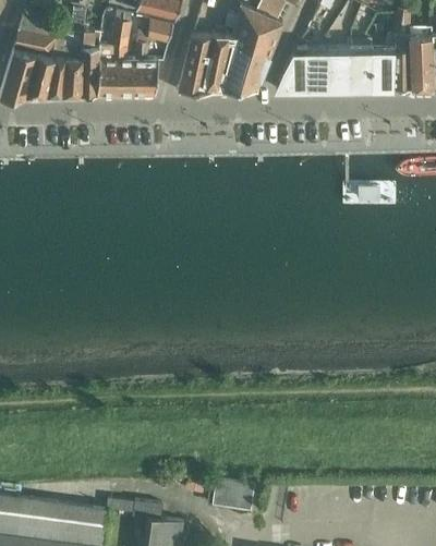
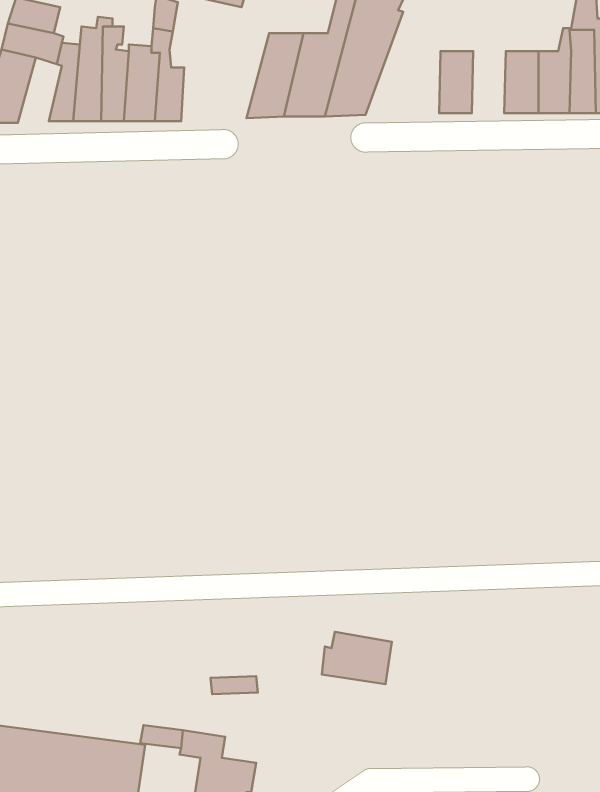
building: [133,21,171,96] -> none
building: [277,49,306,92] -> none
building: [327,49,350,90] -> none
building: [24,53,53,97] -> none
building: [207,478,254,513] -> [322,632,392,684]

